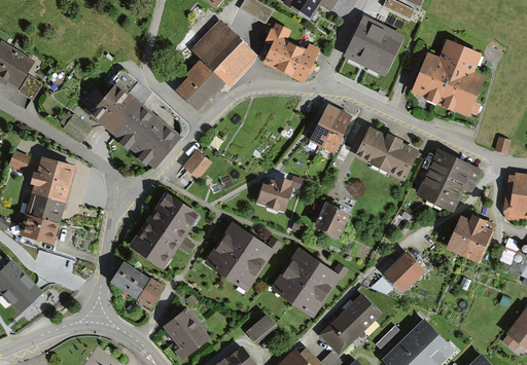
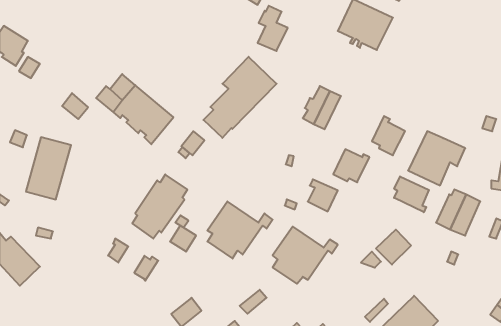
building: [177,26,252,109] -> [203,57,277,138]
building: [413,43,483,113] -> none
building: [284,45,318,80] -> none
building: [87,72,136,119] -> none
building: [357,130,394,163] -> [333,149,369,182]
building: [258,178,290,209] -> none
building: none -> [394,176,429,212]
building: [22,215,58,243] -> none
building: [121,271,148,298] -> [170,225,196,252]
building: [322,296,378,349] -> none
building: [165,309,197,340] -> none

